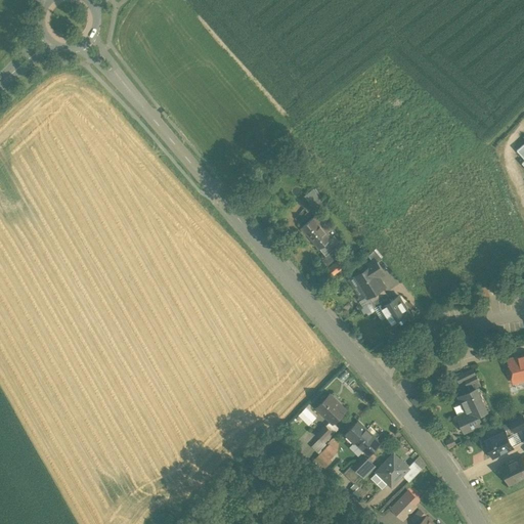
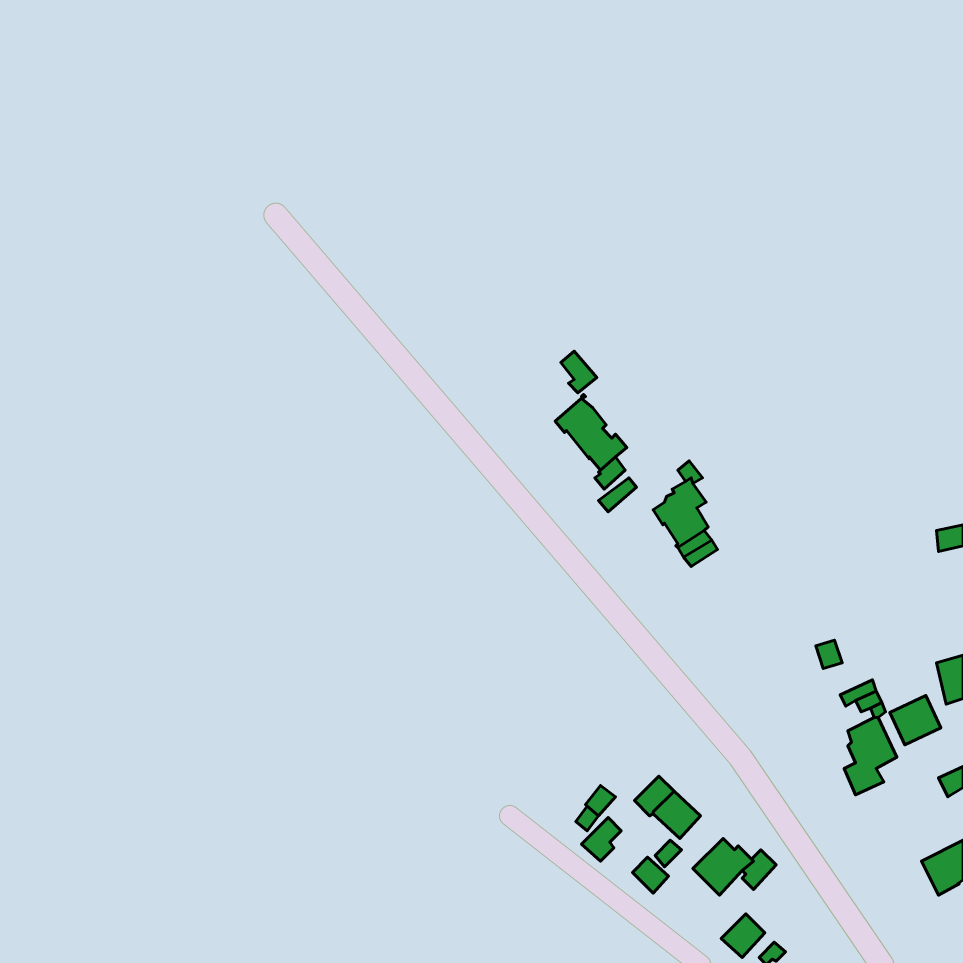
building: [382,296,410,325] -> none
building: [316,395,345,424] -> none
building: [484,431,512,457] -> [890,696,941,745]

